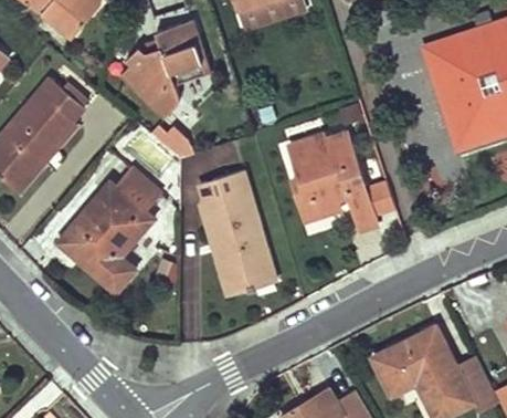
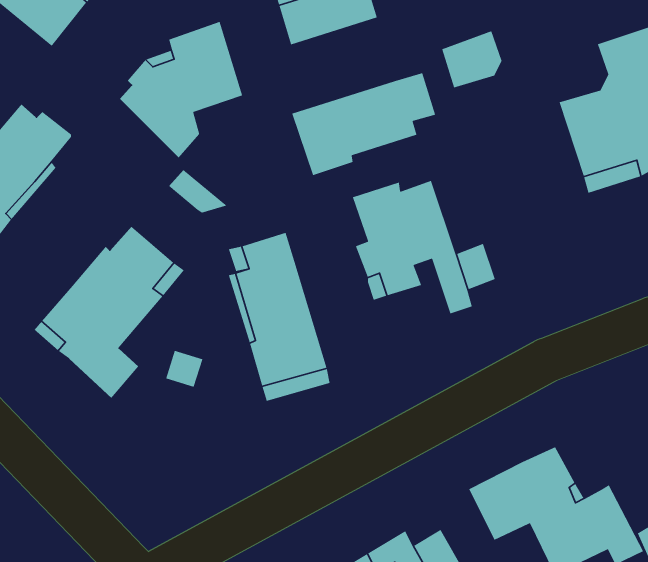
building: [429,35,473,77] -> [441,30,502,88]
building: none -> [291,72,436,176]

